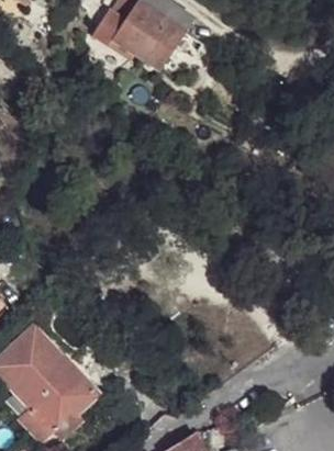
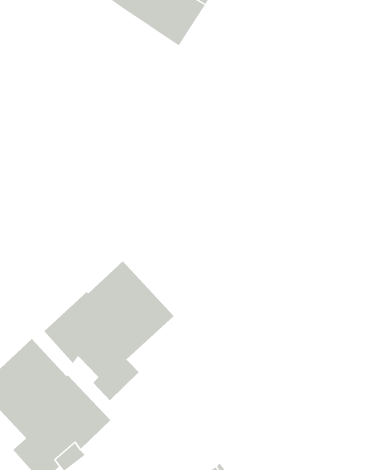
building: none -> [43,261,175,401]

